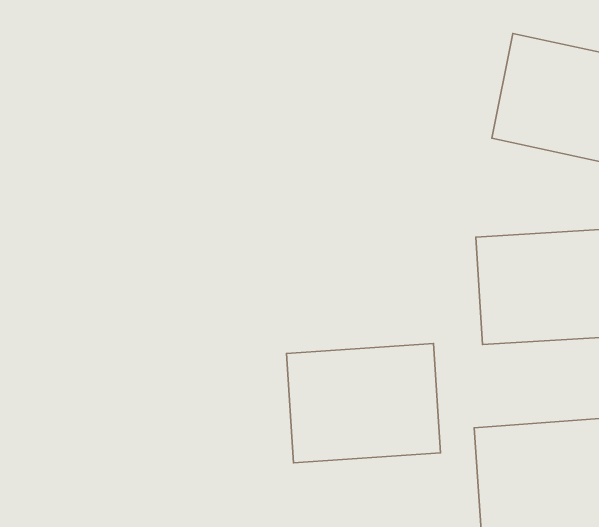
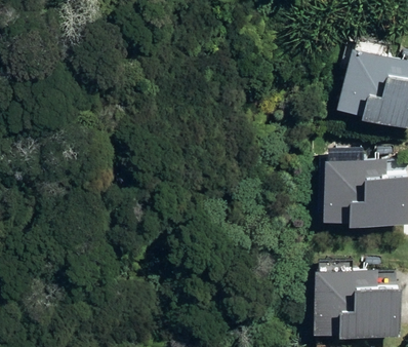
building: [287,343,440,463] -> none

